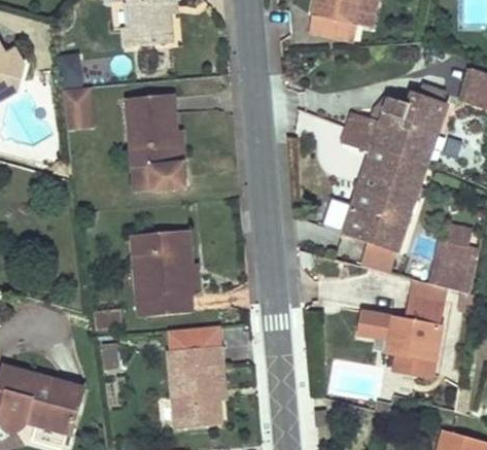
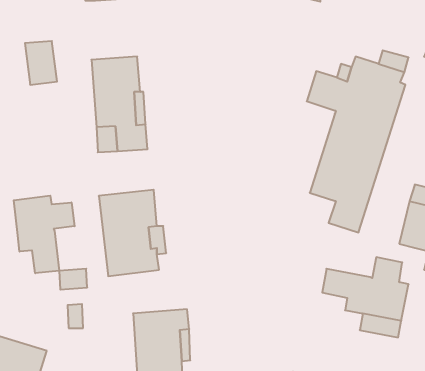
building: none -> [14,196,75,273]
building: [403,279,447,323] -> none
building: [167,327,221,352] -> none

